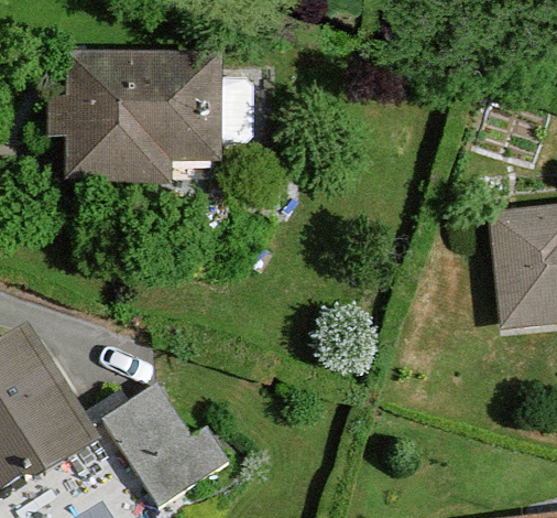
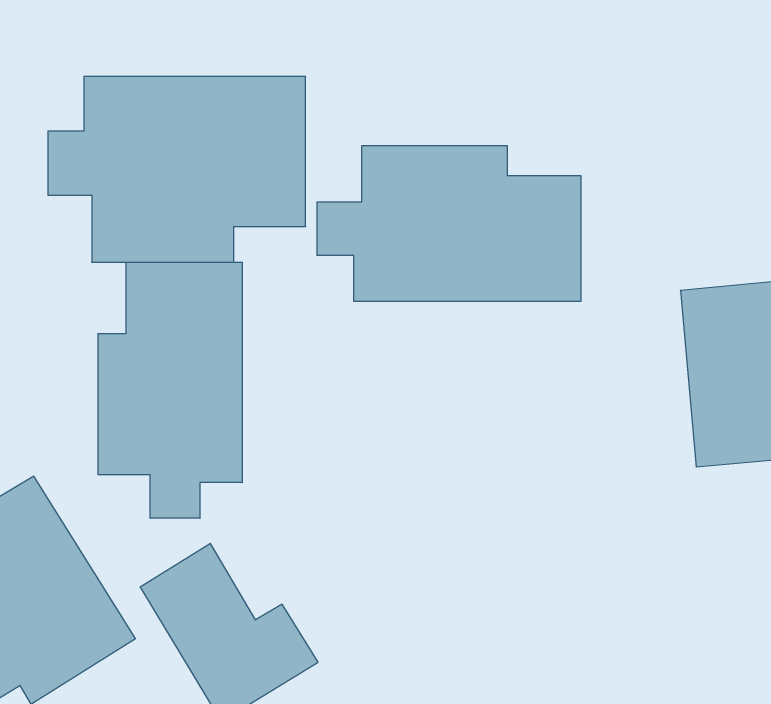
building: none -> [317,146,581,301]
building: none -> [98,262,242,518]

